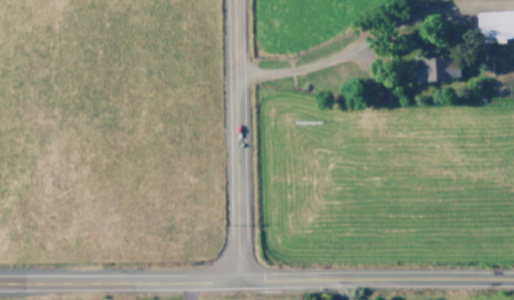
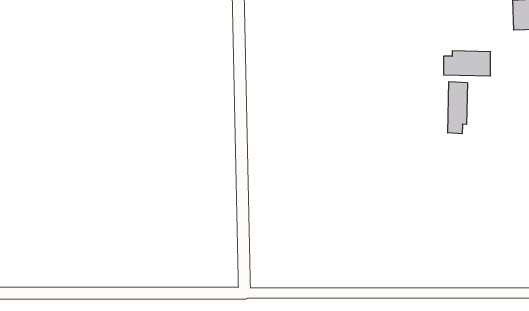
building: none -> [448,82,467,134]

